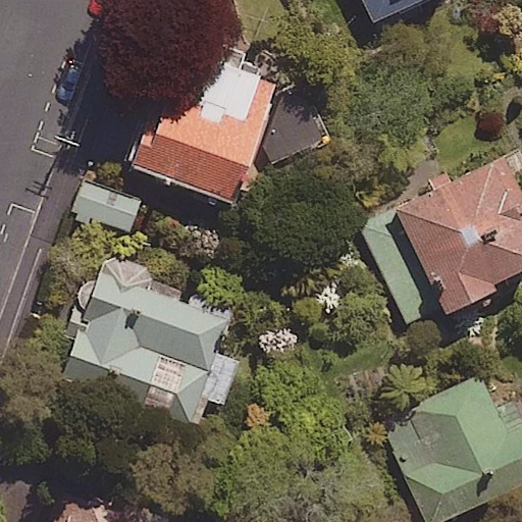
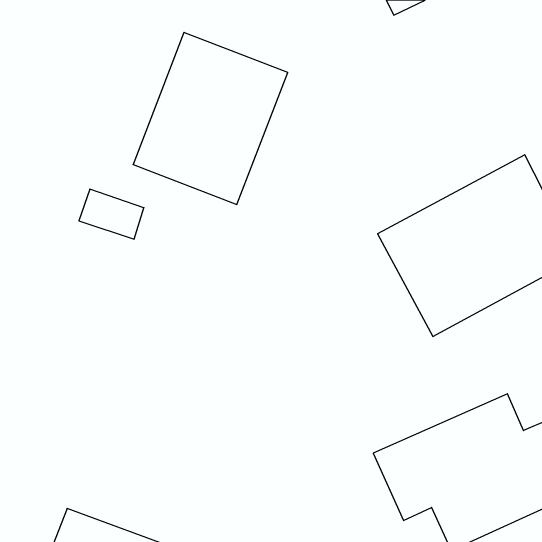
building: [70,261,241,422] -> none

